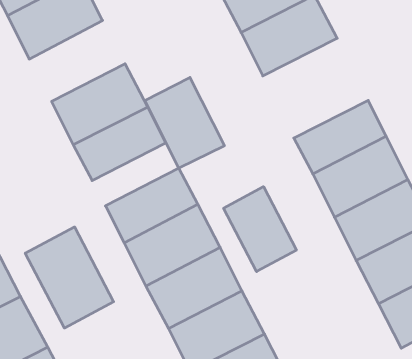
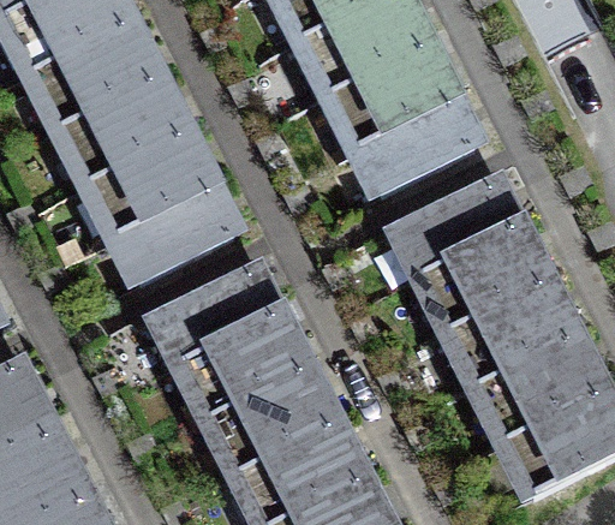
building: none -> [74,73,197,177]
building: none -> [372,96,490,190]
building: [145,77,224,168] -> none
building: [224,187,296,272] -> none
building: [25,227,114,328] -> none

